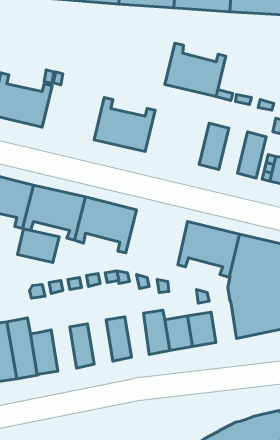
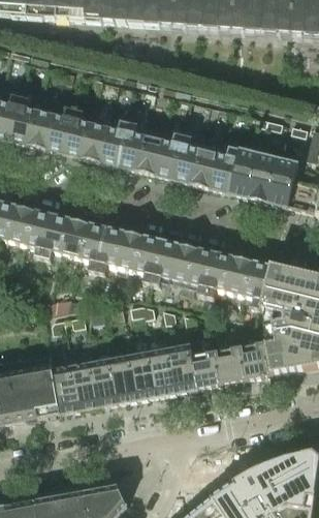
building: [165,43,226,96] -> [173,134,237,190]
building: none -> [65,109,130,165]
building: none -> [251,153,281,201]
building: none -> [153,239,218,297]
building: [17,229,59,263] -> none
building: none -> [243,342,269,378]
building: none -> [152,347,178,394]
building: none -> [113,355,139,401]
building: none -> [74,362,101,408]

